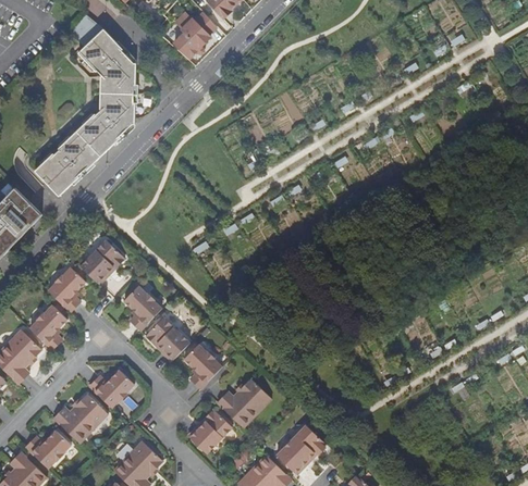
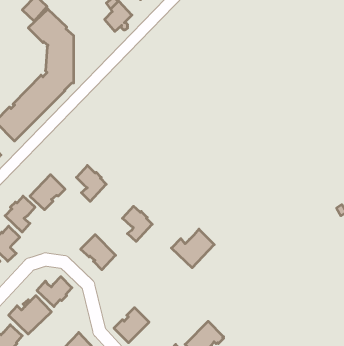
building: [122,284,160,329] -> [76,165,106,201]
building: [182,342,220,387] -> [122,206,152,241]
building: [214,377,269,426] -> [171,229,214,268]

